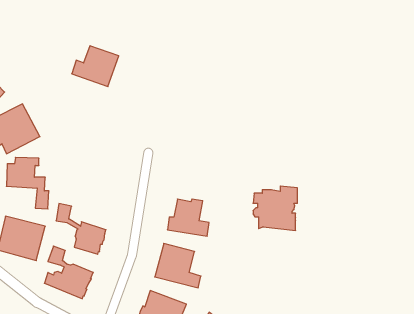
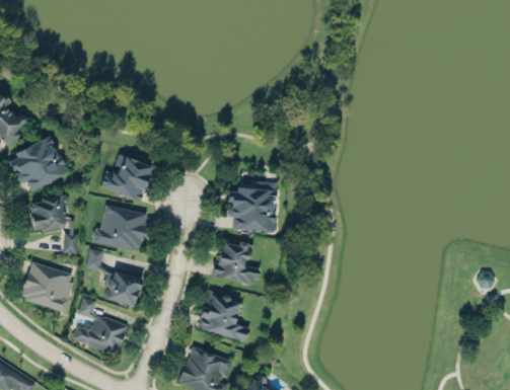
building: [72,46,119,87] -> [99,156,152,202]
building: none -> [92,205,147,251]
building: [253,186,297,230] -> [226,180,276,230]

